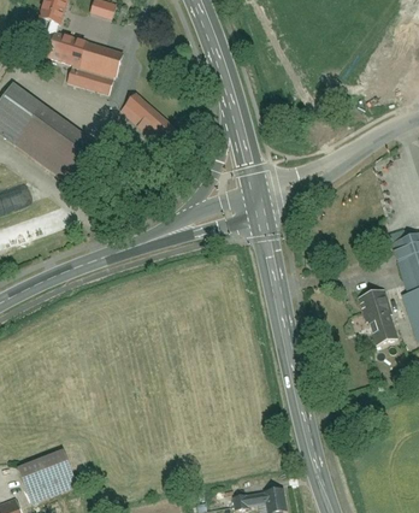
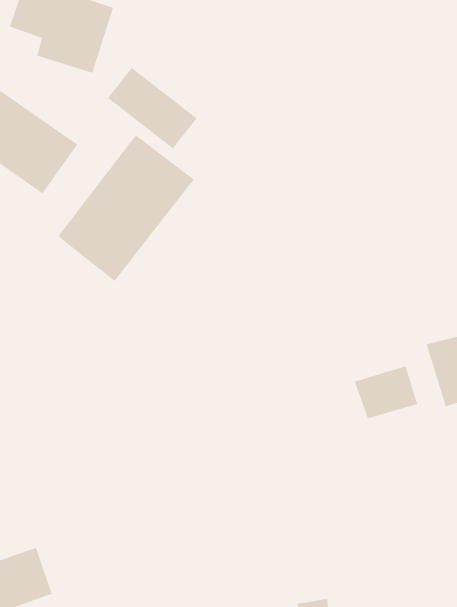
building: none -> [58,134,194,282]
building: none -> [354,365,418,419]

